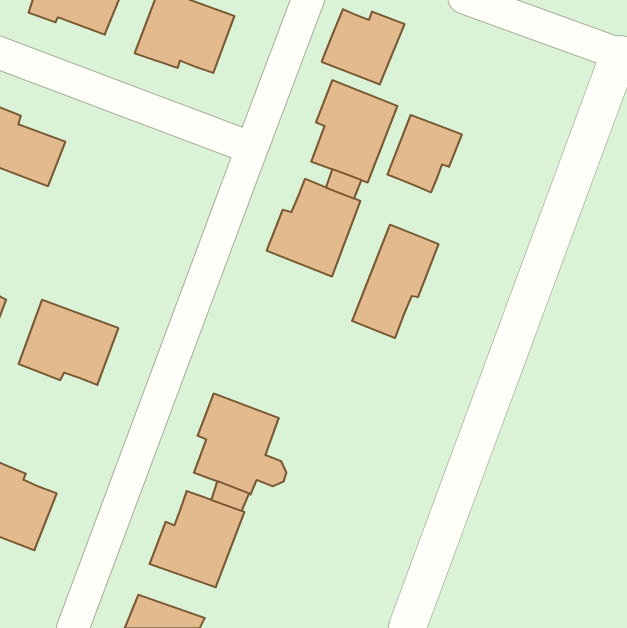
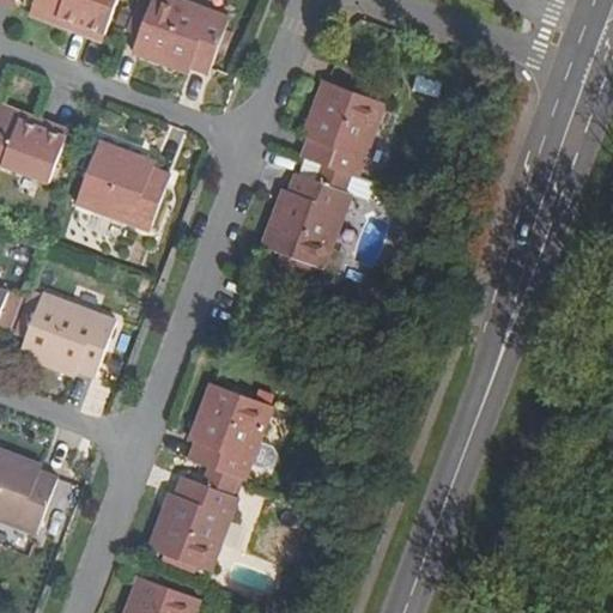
building: [322,9,404,85] -> none
building: [387,115,462,192] -> none
building: none -> [73,141,168,232]
building: [352,225,438,338] -> none

